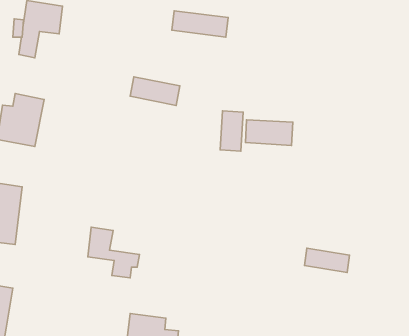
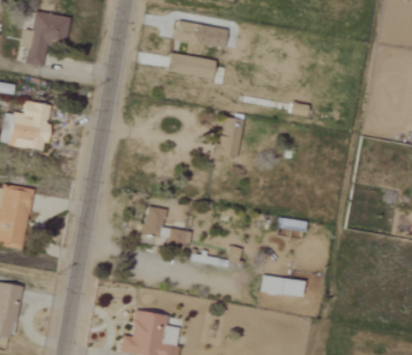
building: [130,77,180,106] -> [168,53,215,80]
building: [245,120,293,146] -> none
building: [88,227,139,278] -> [142,205,192,253]
building: [305,248,349,272] -> [260,274,302,297]

